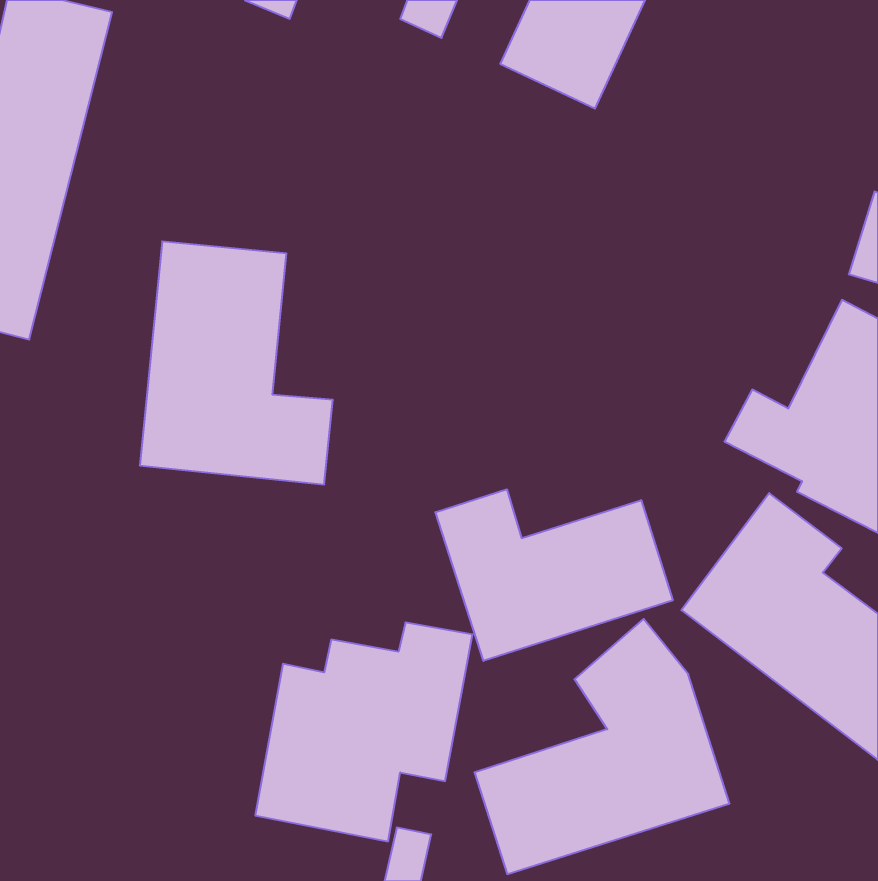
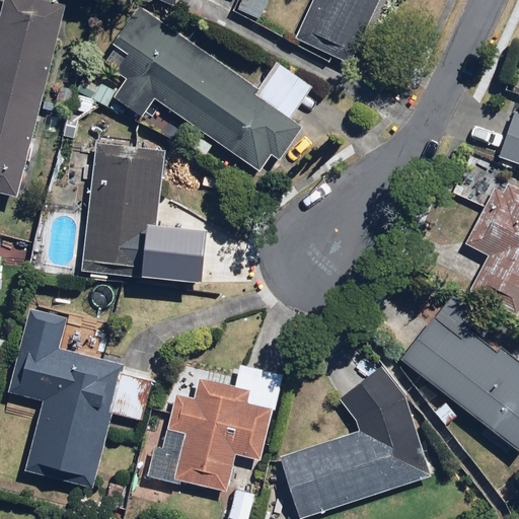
building: none -> [105,5,312,174]
building: [435,489,673,661] -> none
building: none -> [7,310,149,476]

